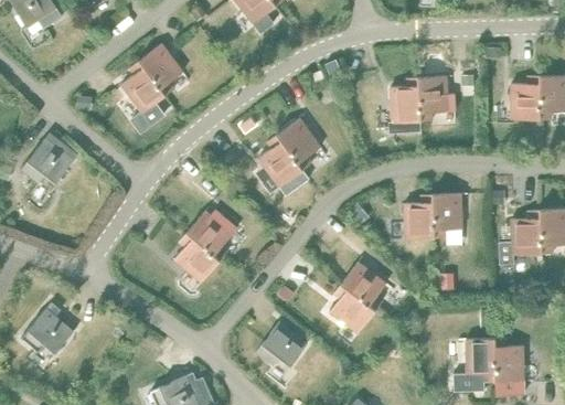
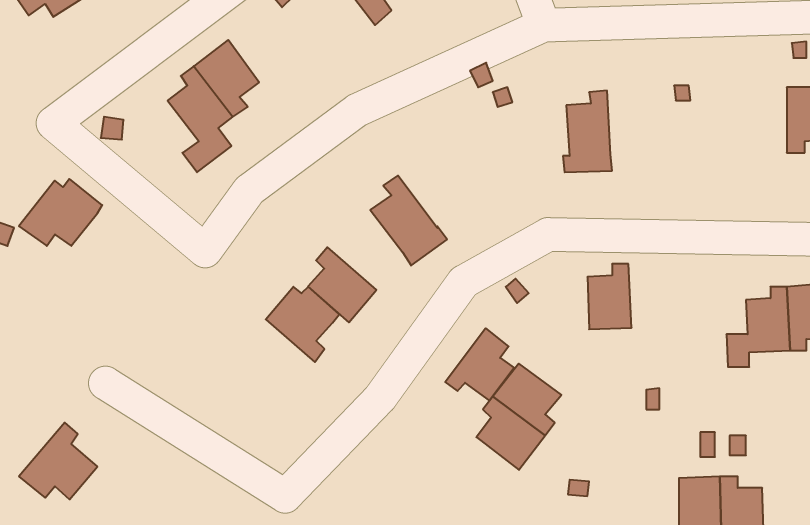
building: [418,75,456,120] -> none
building: [511,75,540,119] -> none
building: [277,118,321,170] -> none
building: [433,193,462,237] -> none
building: [174,232,221,283] -> [308,247,376,322]
building: none -> [445,328,514,400]
building: [256,321,308,365] -> none

